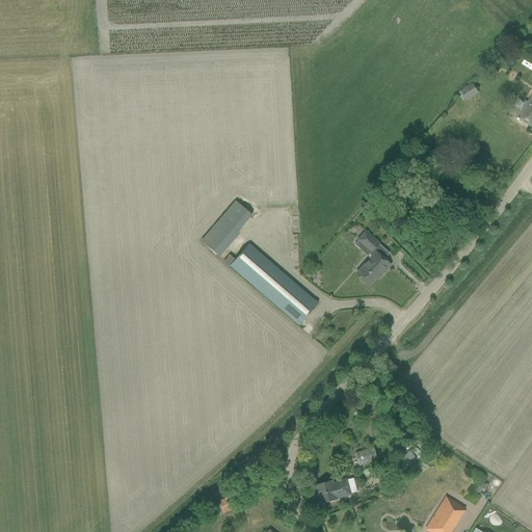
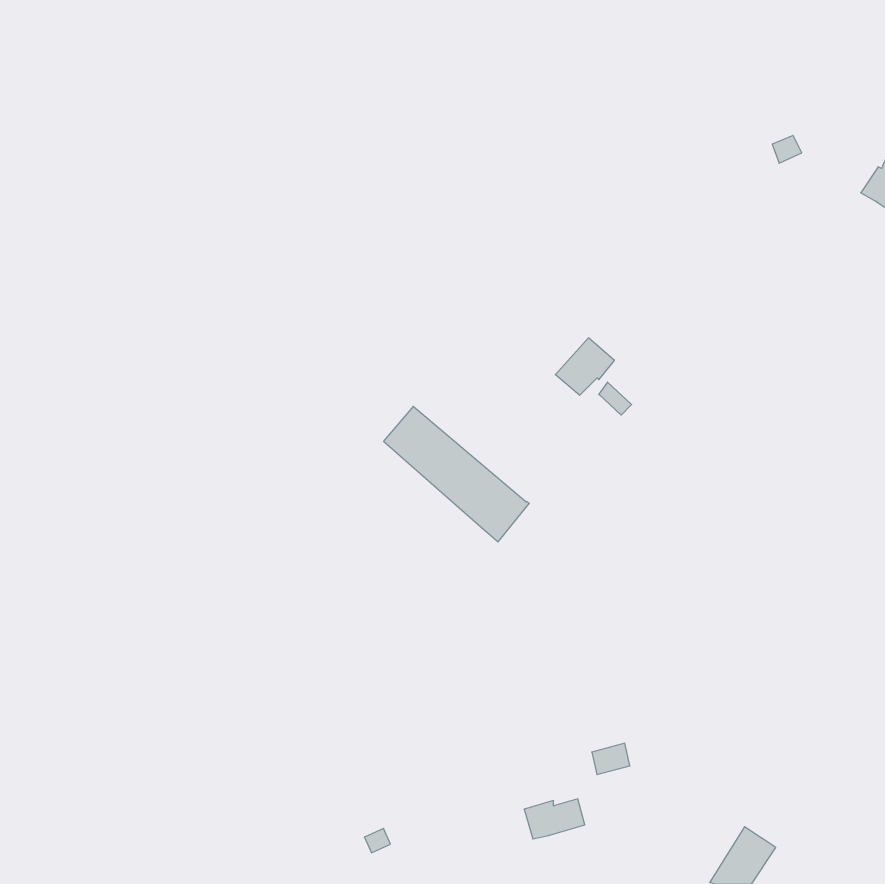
building: [201,198,252,255] -> none
building: [355,249,391,284] -> [555,338,614,395]

